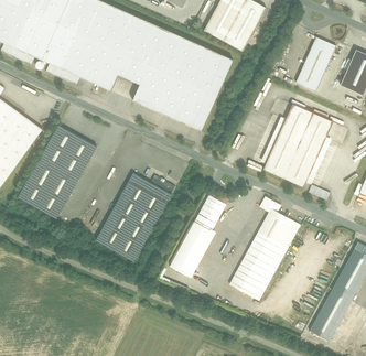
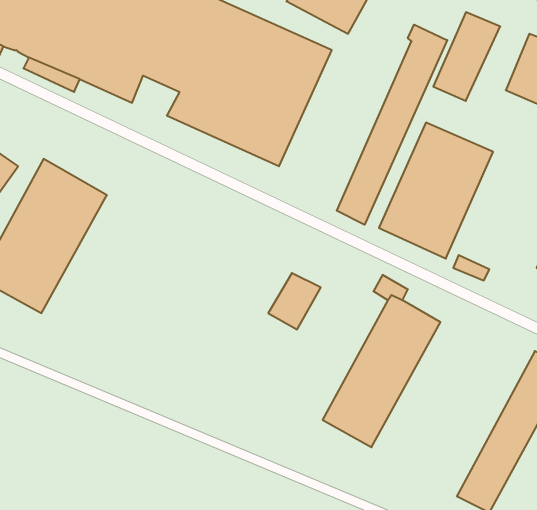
building: none -> [337,25,447,225]
building: [99,172,176,260] -> none
building: [170,218,217,278] -> none

